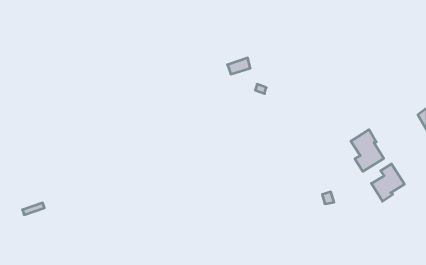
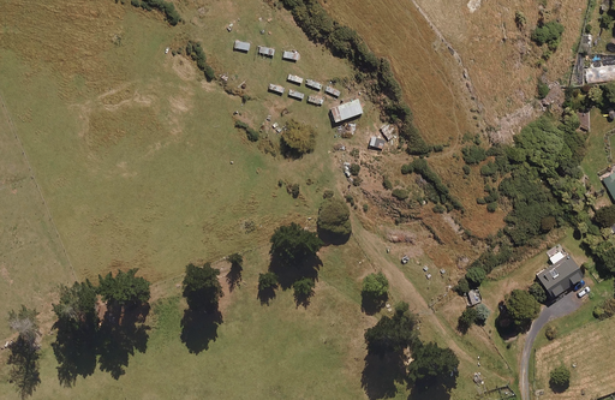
building: [351,130,384,171] -> none

